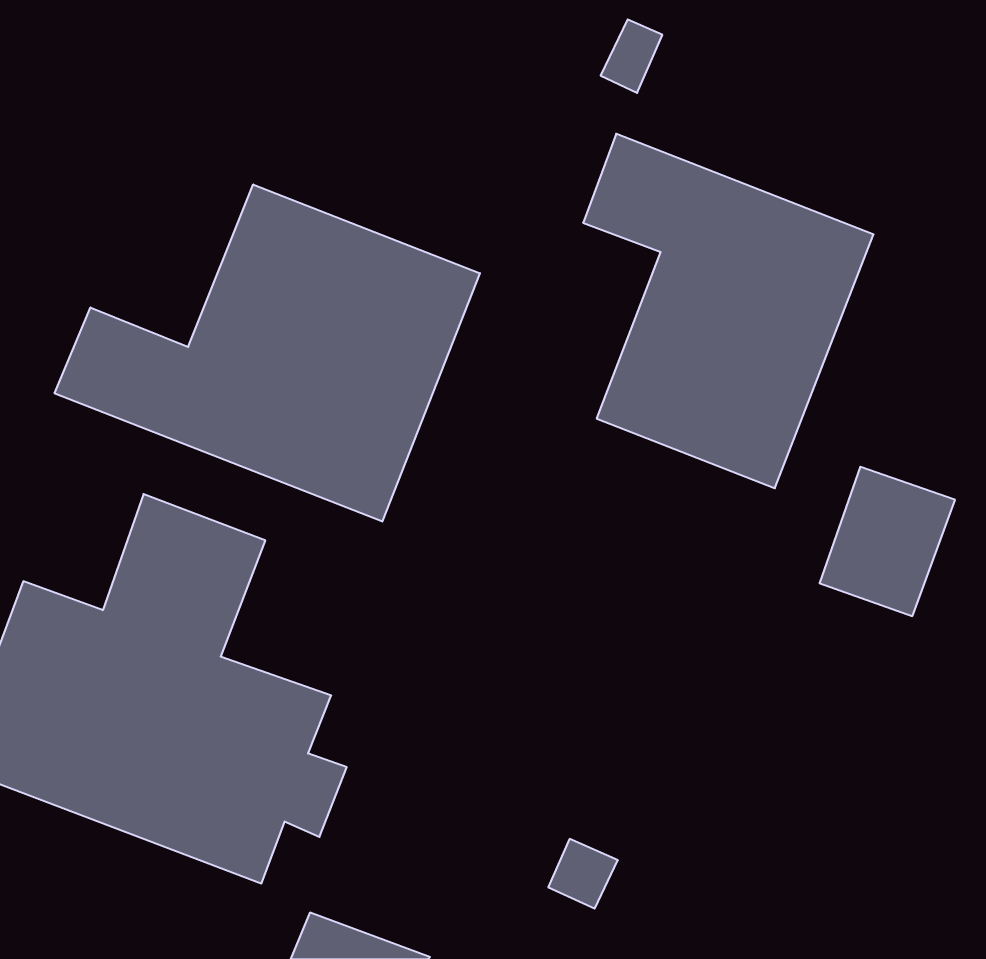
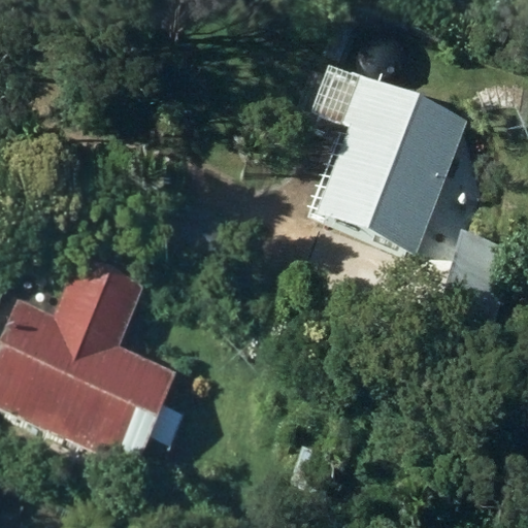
building: [55,184,480,522] -> none

